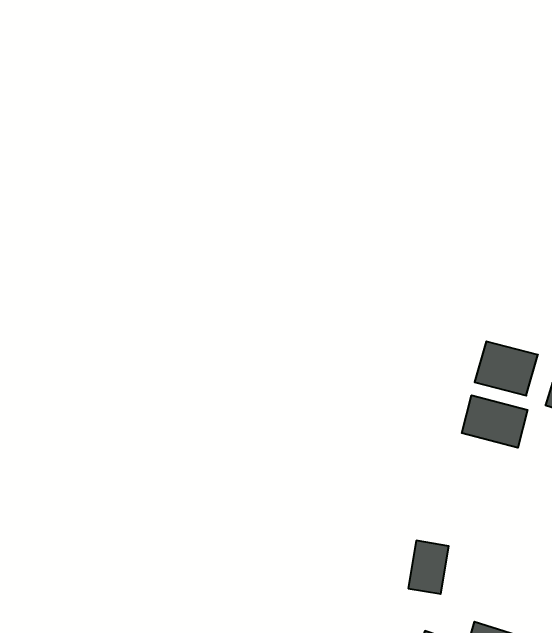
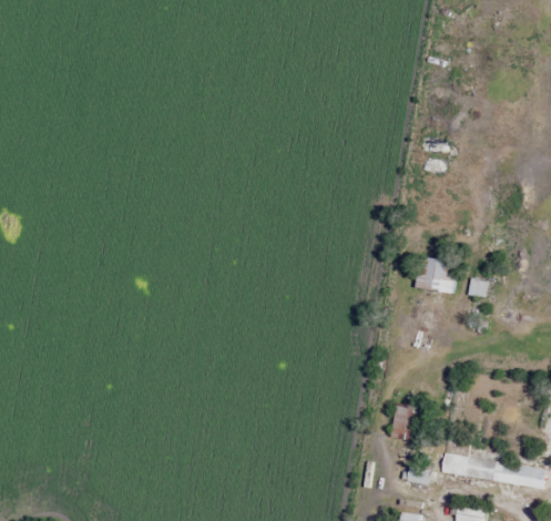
building: [462,395,528,448] -> none

